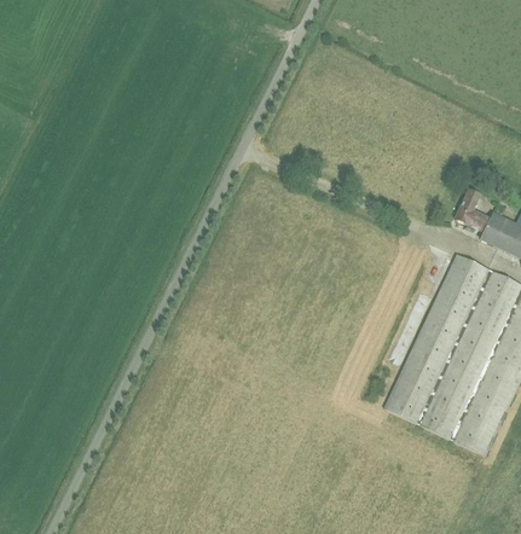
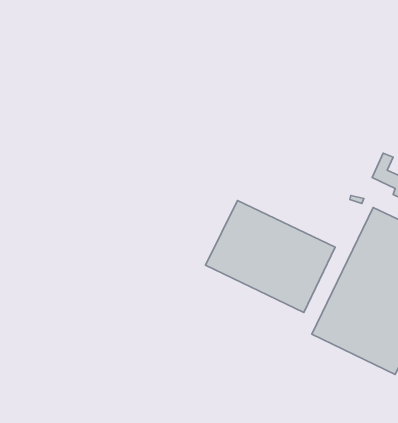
building: none -> [206,200,335,313]

